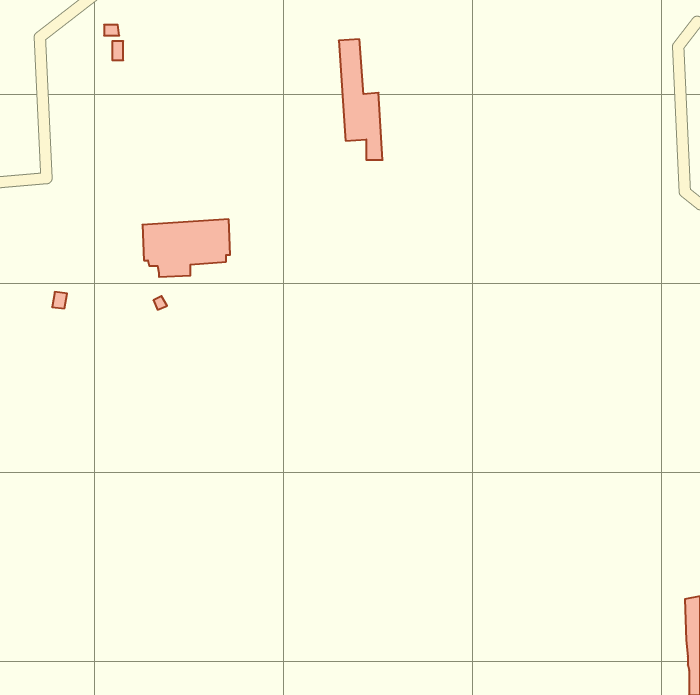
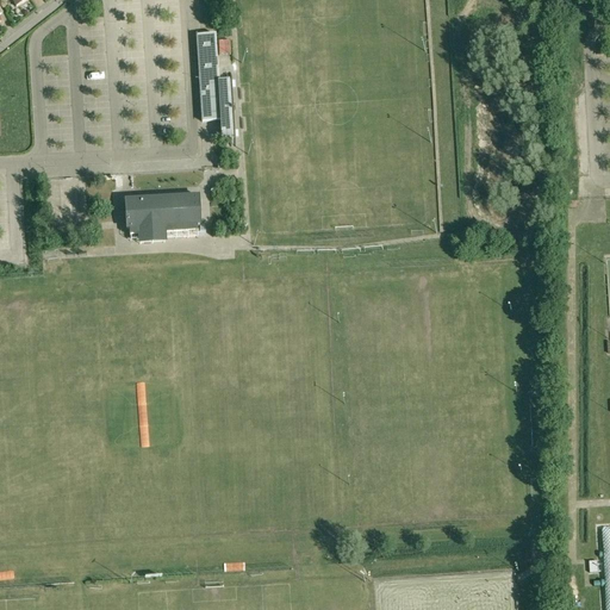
building: [339,39,383,160] -> [197,30,235,135]

